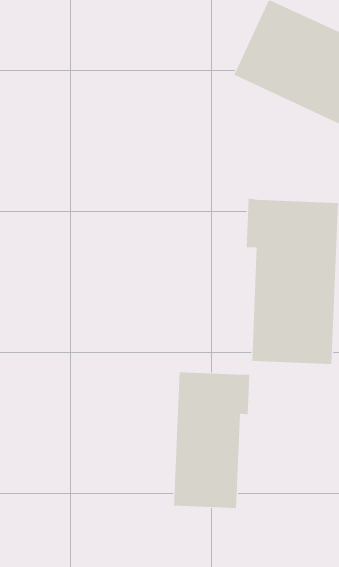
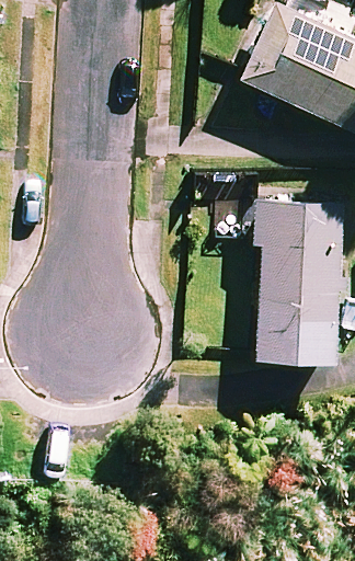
building: [174,371,250,509] -> none

